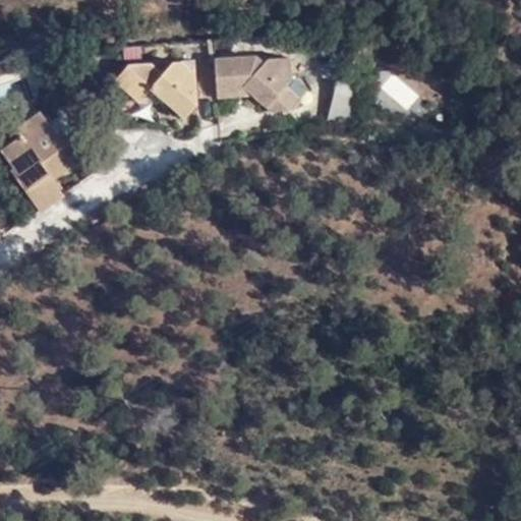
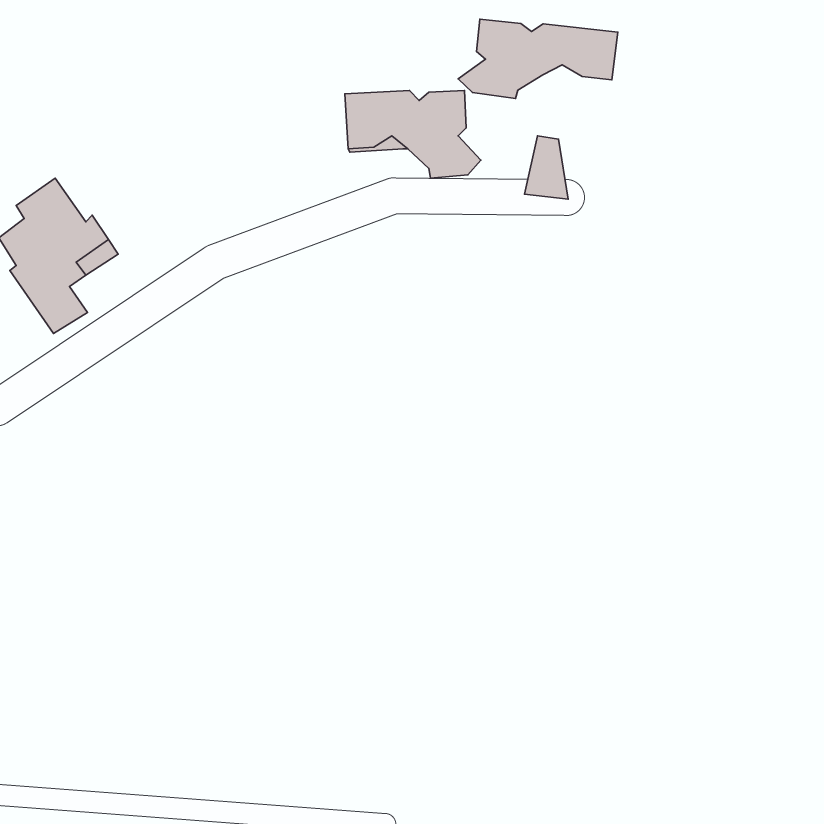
building: none -> [458,19,618,99]
building: [116,61,197,119] -> none

